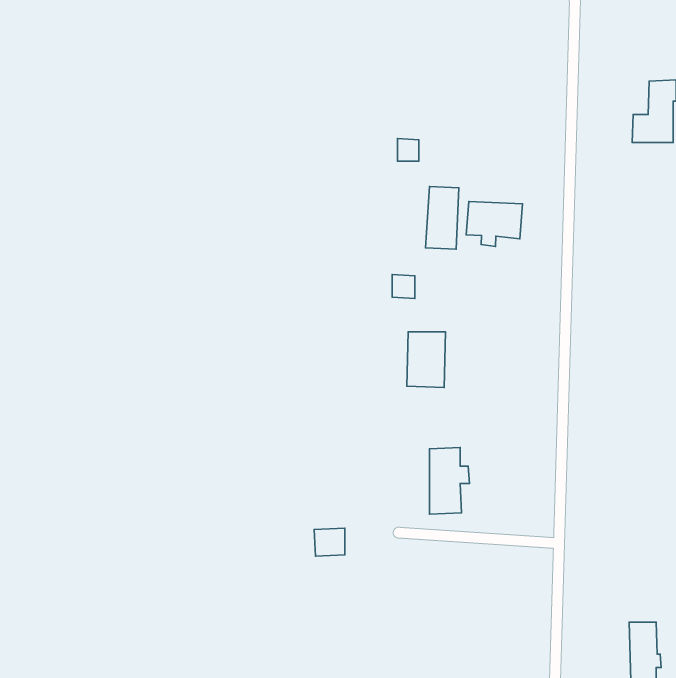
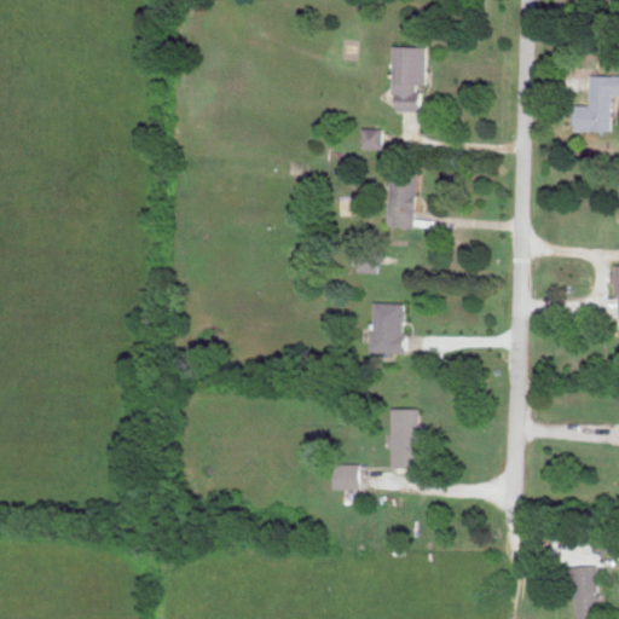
building: none -> [392,47,426,111]
building: [466,202,522,246] -> none
building: [314,528,345,556] -> [330,464,358,490]

